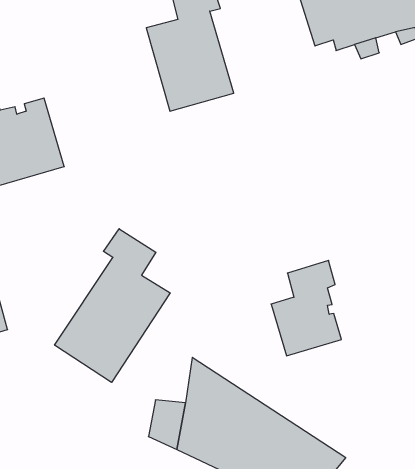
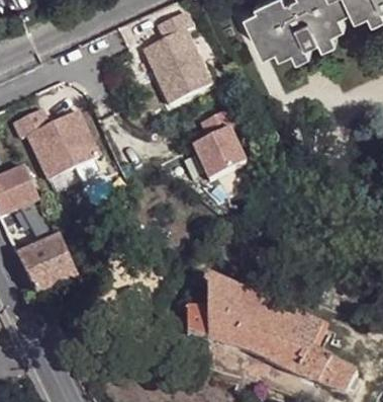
building: [55,229,170,382] -> none
building: [271,260,341,356] -> [192,111,245,182]

